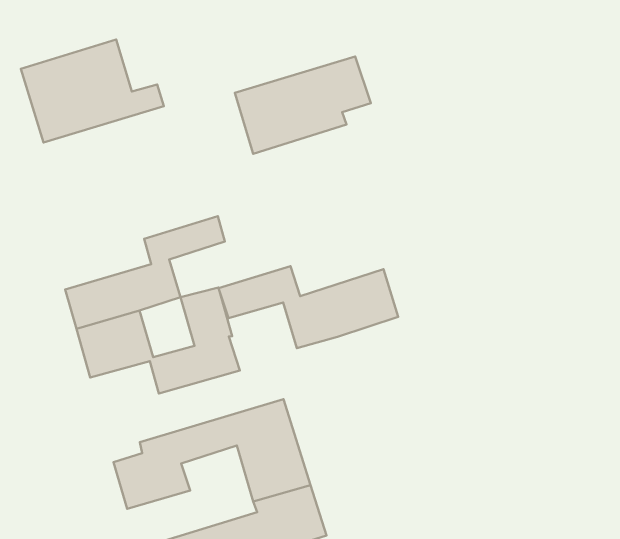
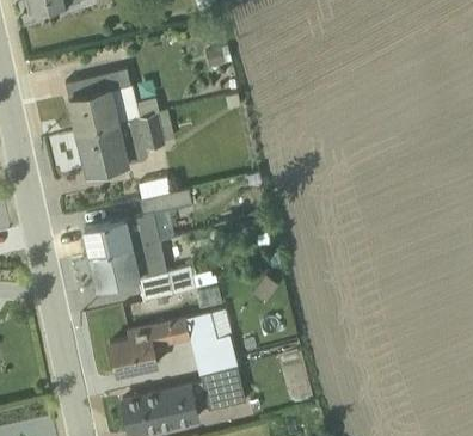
building: [235,56,371,154] -> [76,115,165,174]
building: [219,266,398,348] -> none

